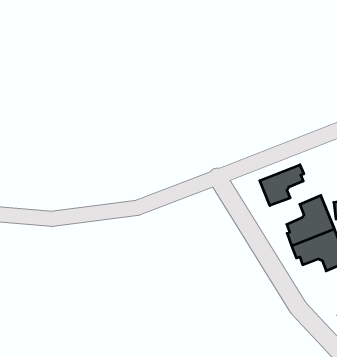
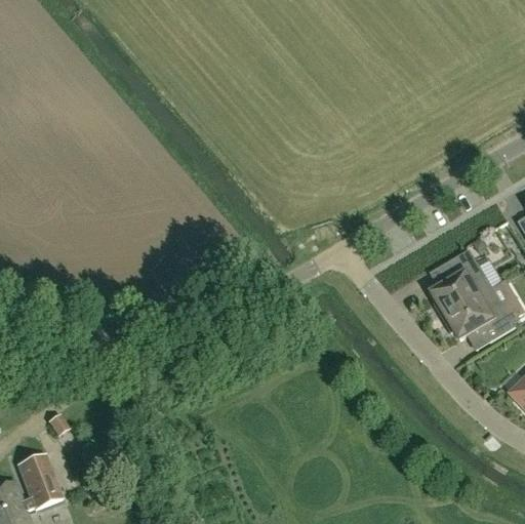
building: [260,165,304,206] -> none

